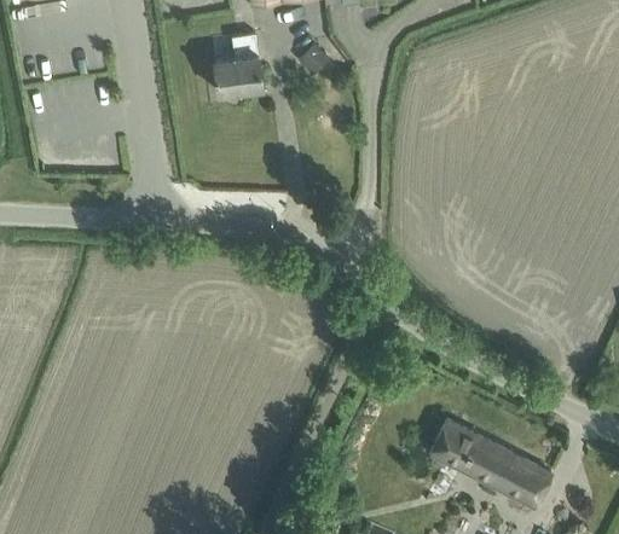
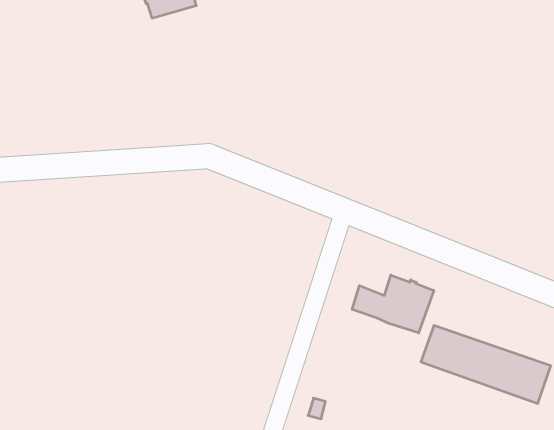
building: none -> [352,275,434,333]

